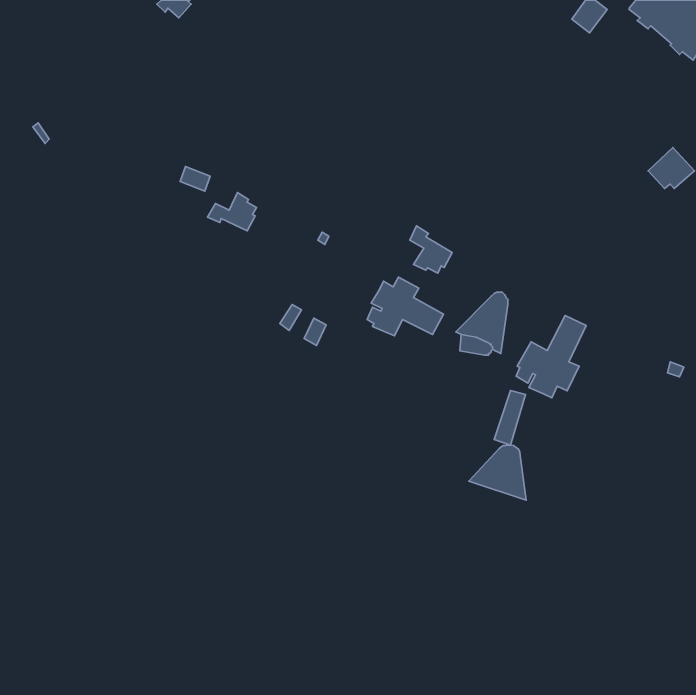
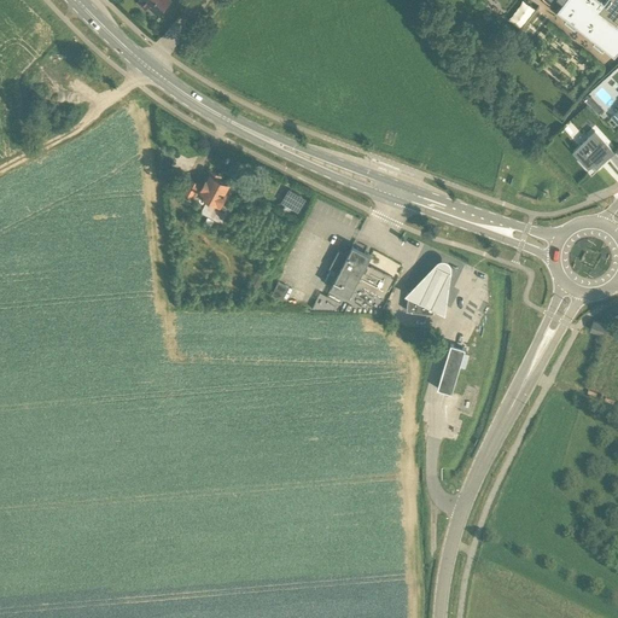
building: [410,226,452,273] -> none
building: [516,315,586,398] -> none
building: [469,445,526,500] -> none

